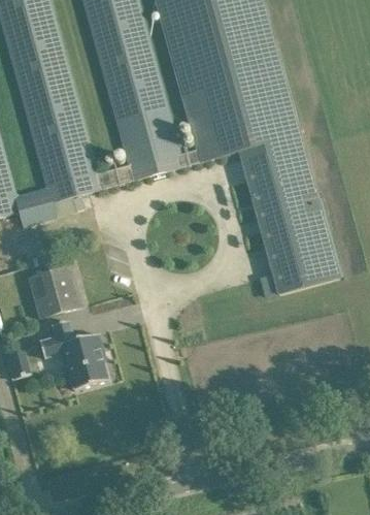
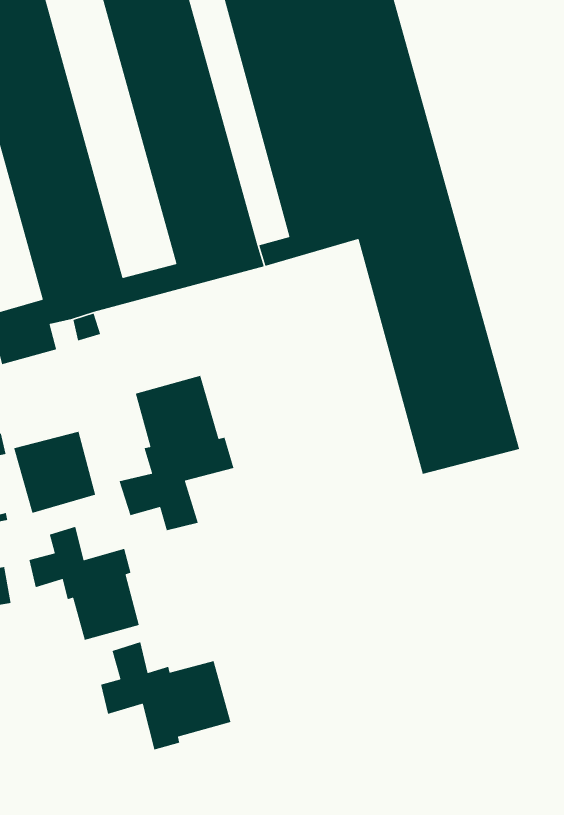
building: none -> [118,375,234,531]
building: none -> [100,641,231,751]

